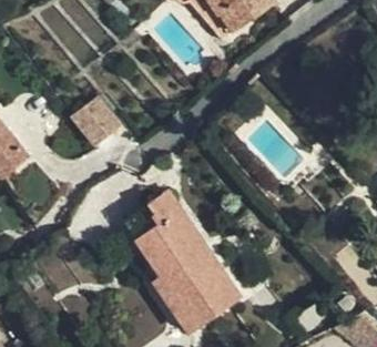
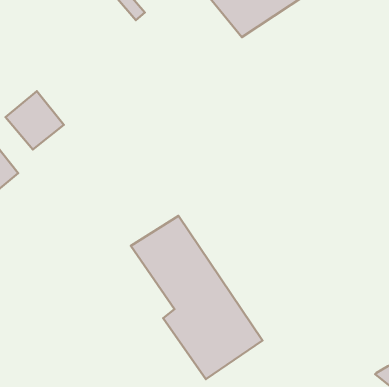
building: [73,99,123,149] -> [6,91,64,150]

